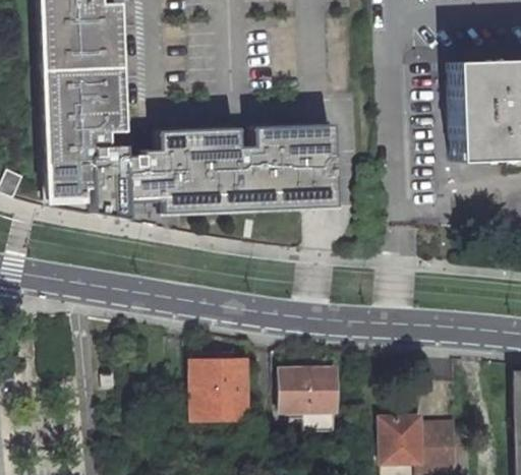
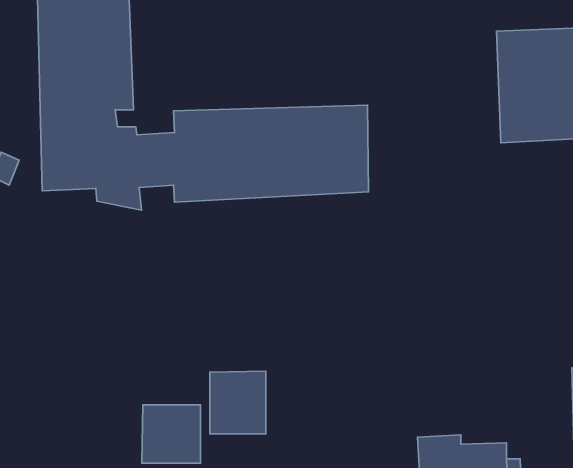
building: [283,371,335,413] -> none
building: none -> [142,405,201,463]

